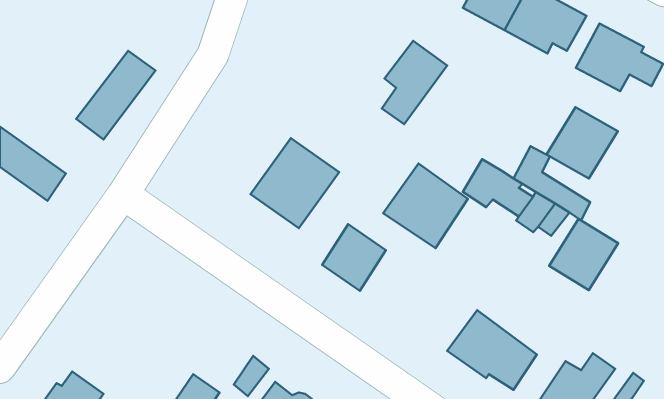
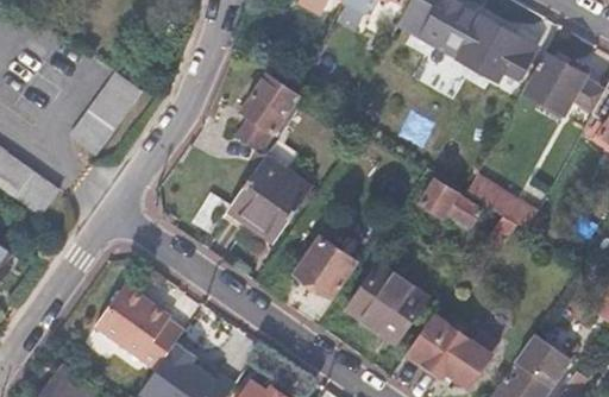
building: [382,41,447,124] -> [239,76,299,152]
building: [547,107,618,179] -> none
building: [383,164,468,248] -> [349,265,426,342]
building: [549,219,618,290] -> none
building: none -> [93,286,180,371]

